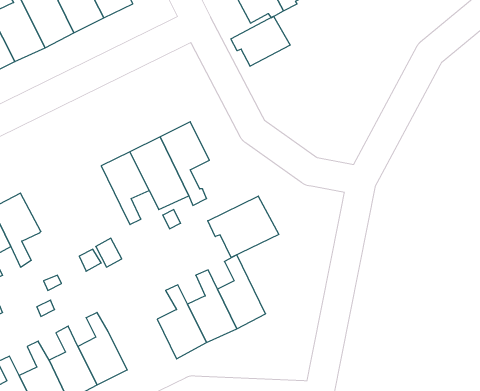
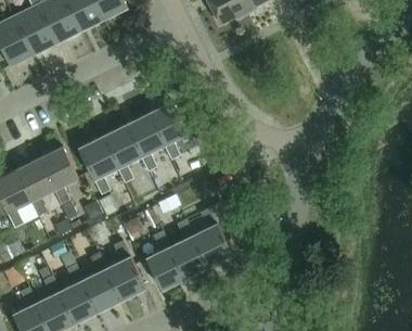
building: [231,16,290,66] -> none
building: none -> [79,137,118,195]
building: none -> [39,147,78,219]
building: [208,196,279,258] -> none
building: none -> [108,241,146,298]

